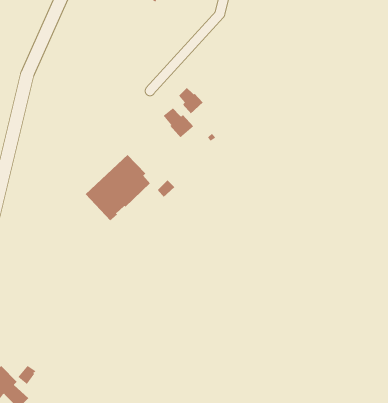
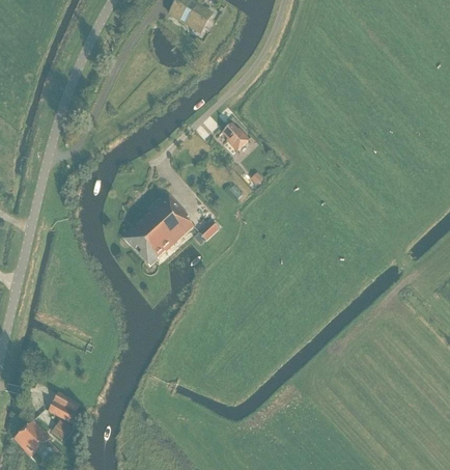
building: [163,107,194,138] -> none
building: none -> [49,392,79,422]

